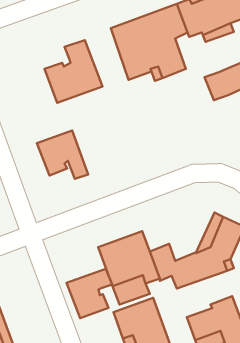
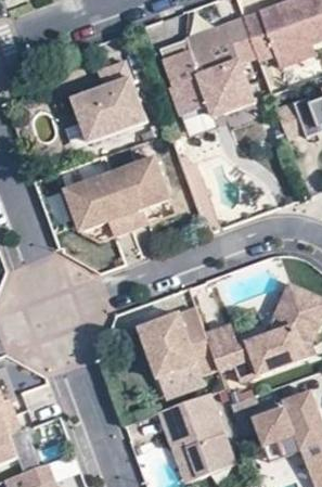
building: none -> [105,162,165,235]
building: [66,269,112,318] -> none

